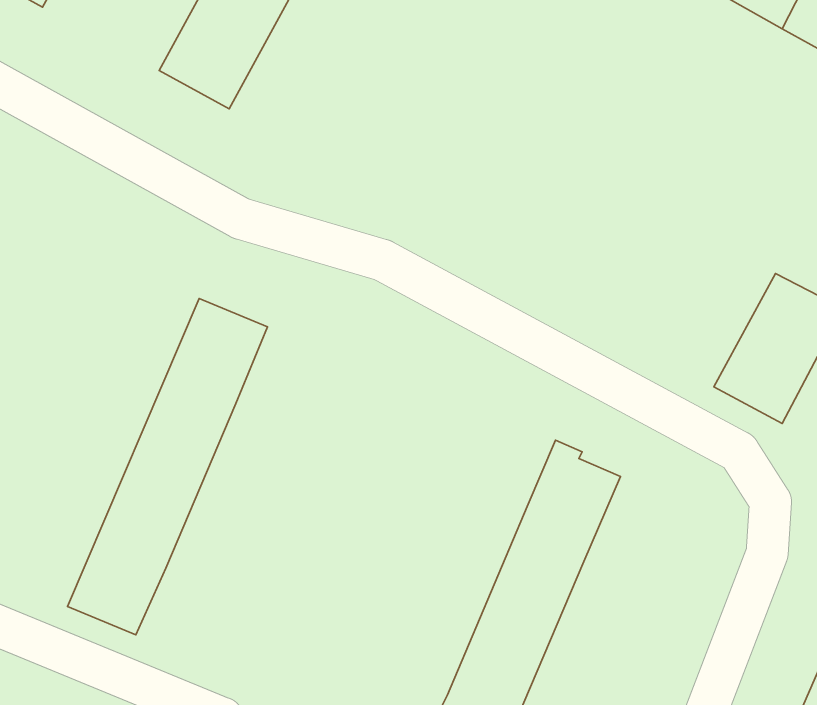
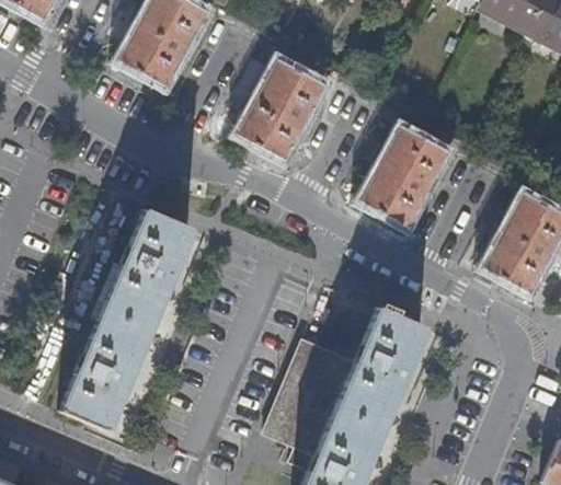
building: none -> [239,59,325,159]
building: none -> [362,126,448,226]
building: none -> [265,338,362,470]

